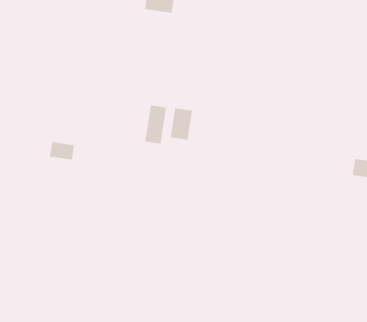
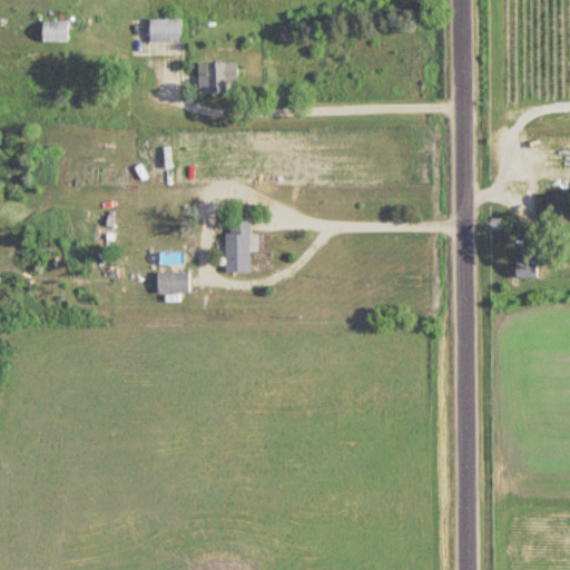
building: [170,108,193,140] -> none
building: [49,142,75,160] -> [156,272,188,293]

